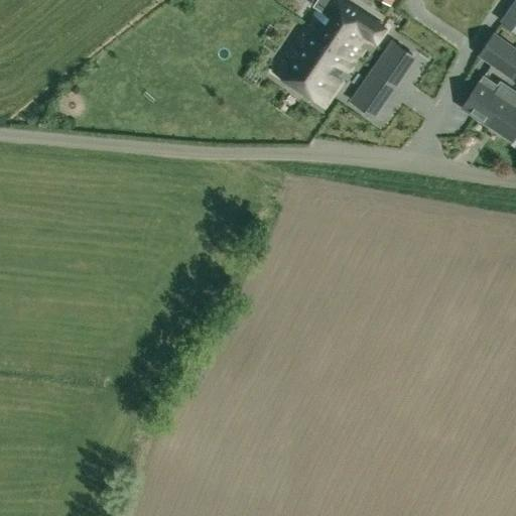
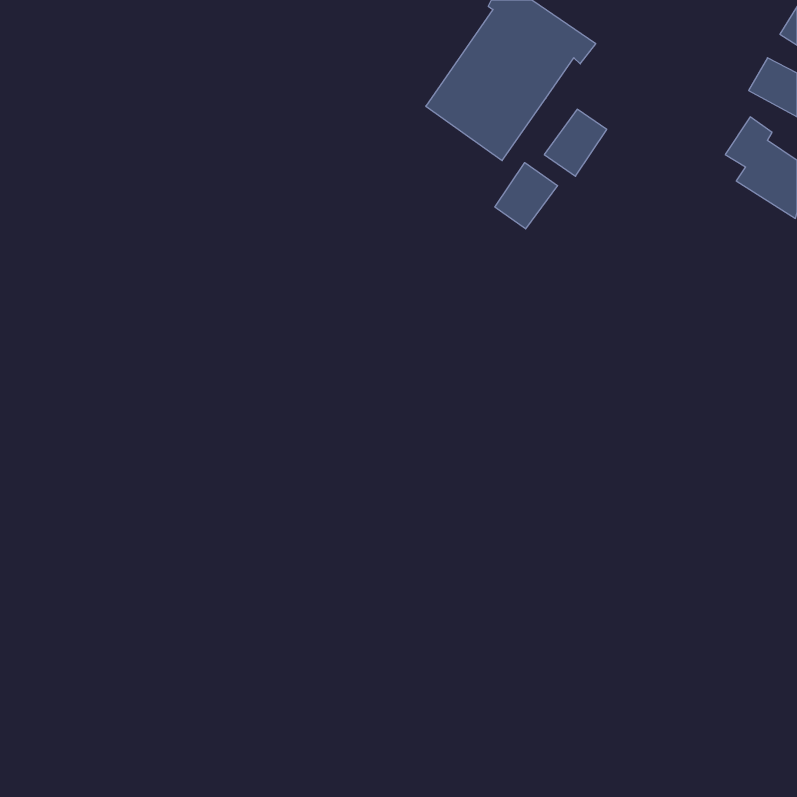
building: [373,40,413,84] -> none
building: none -> [495,163,558,229]

